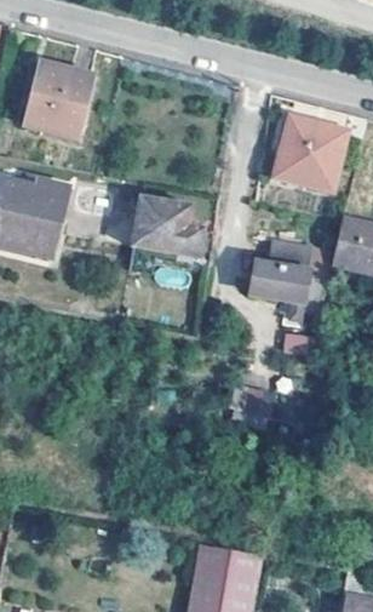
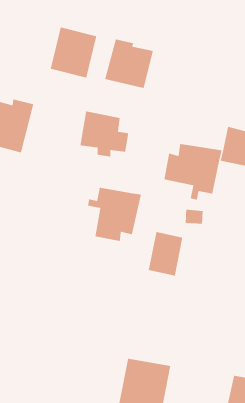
building: [25,63,92,137] -> [50,26,97,79]
building: [275,118,345,189] -> [104,38,154,89]
building: none -> [87,187,142,242]

